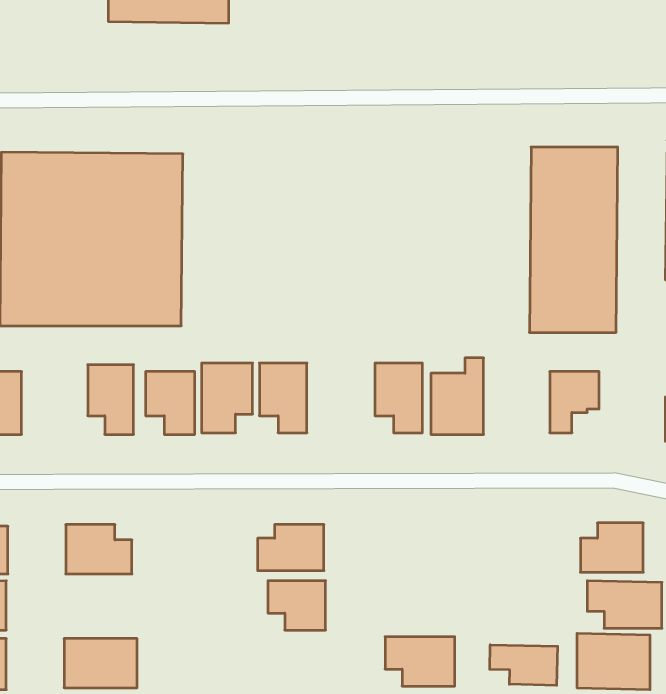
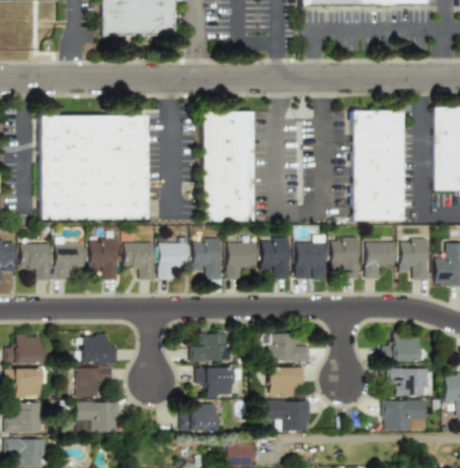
building: none -> [203,110,256,220]
building: none -> [330,238,359,280]
building: none -> [400,239,428,281]
building: none -> [56,243,84,281]
building: none -> [226,243,256,280]
building: none -> [272,334,309,362]
building: none -> [75,368,112,397]
building: none -> [267,368,303,396]
building: none -> [180,402,217,431]
building: [490,645,558,685] -> none

